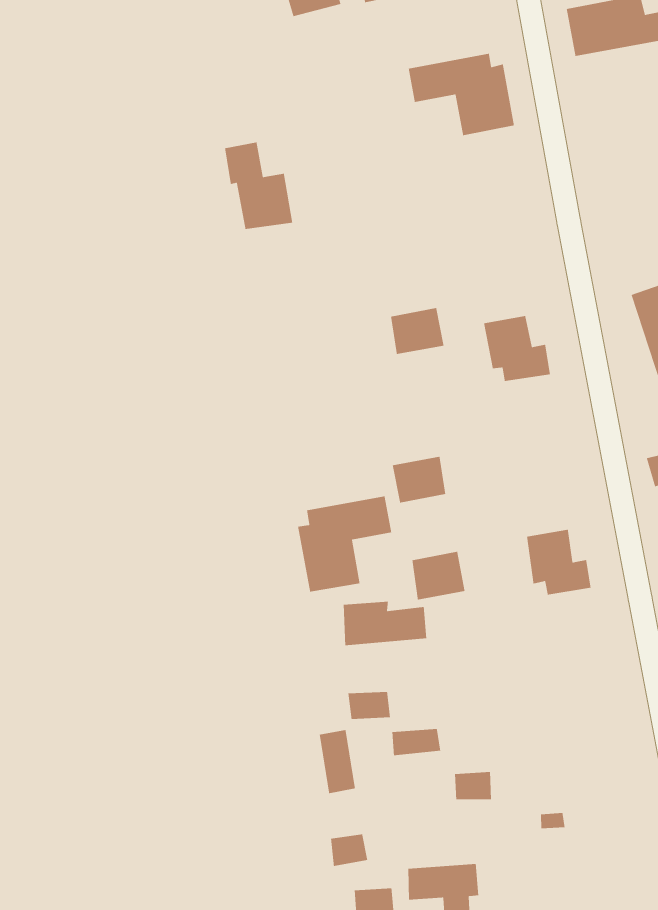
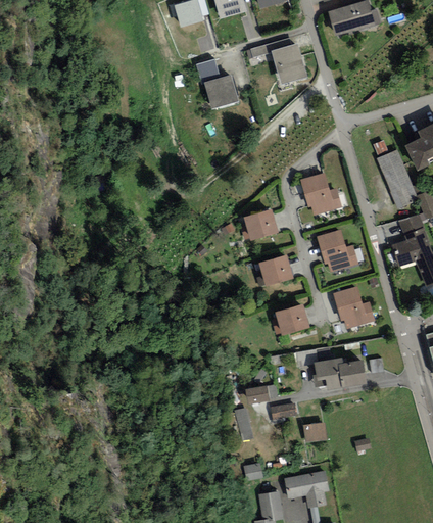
building: [224,142,293,230] -> [198,58,239,106]
building: [390,307,444,355] -> [243,211,274,239]
building: none -> [318,233,355,270]
building: [297,496,392,593] -> none
building: [343,601,427,646] -> [314,361,360,387]

